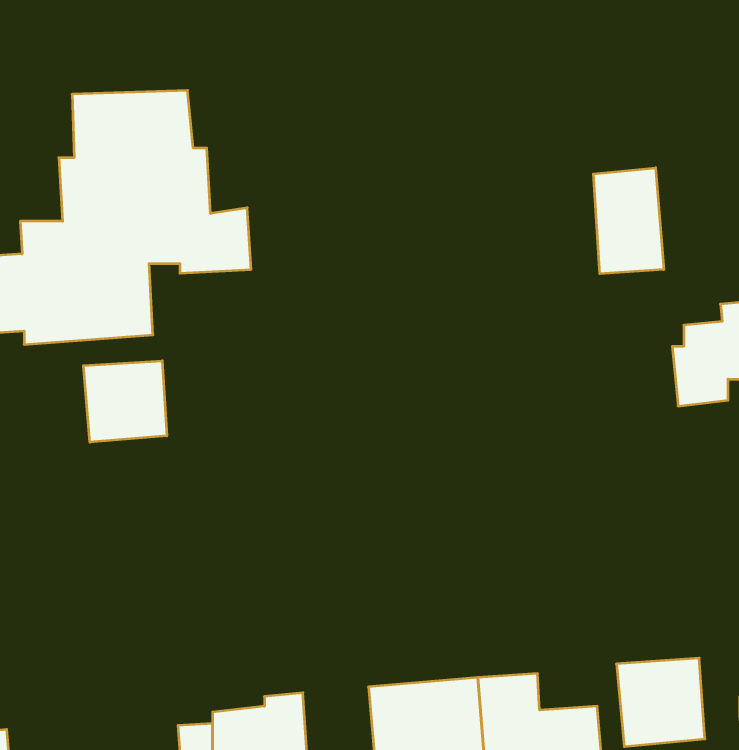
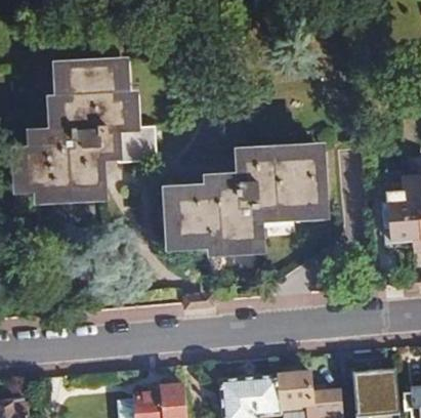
building: [593,168,664,274] -> none
building: none -> [171,152,327,252]
building: [83,361,167,442] -> none

